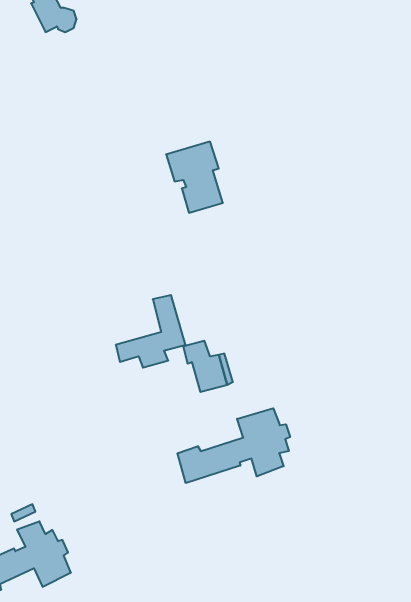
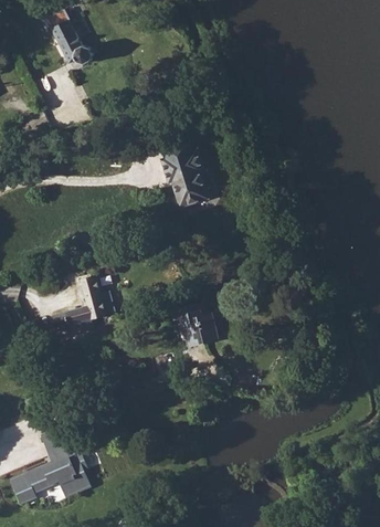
building: [116,295,185,368] -> [52,276,106,333]
building: [177,408,290,483] -> none

